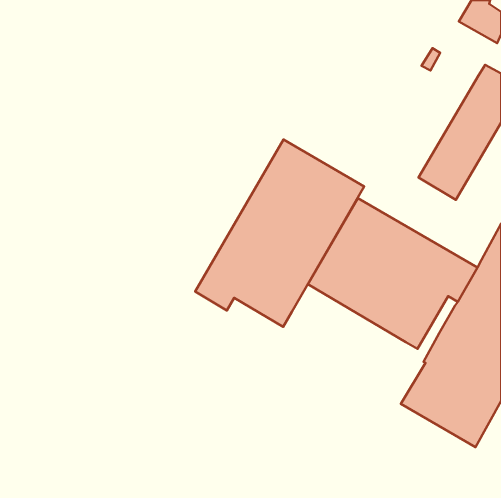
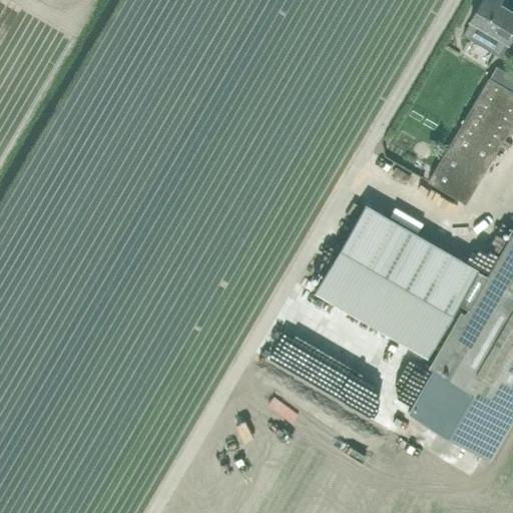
building: [195,139,364,327] -> none

